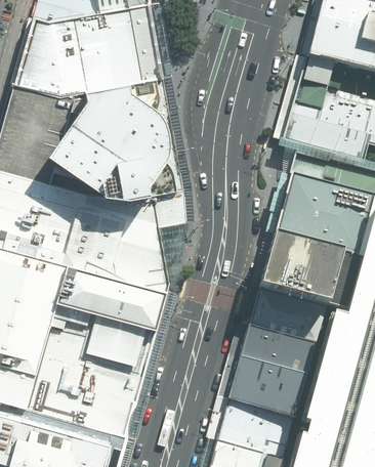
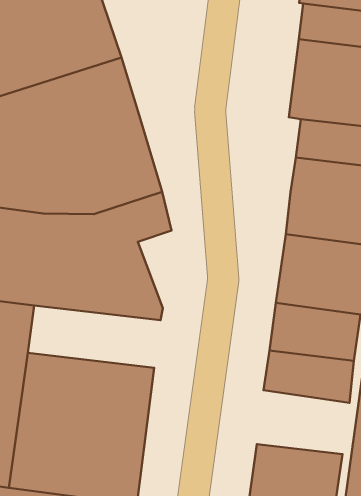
building: [56,266,165,329] -> none
building: [227,358,305,418] -> none

